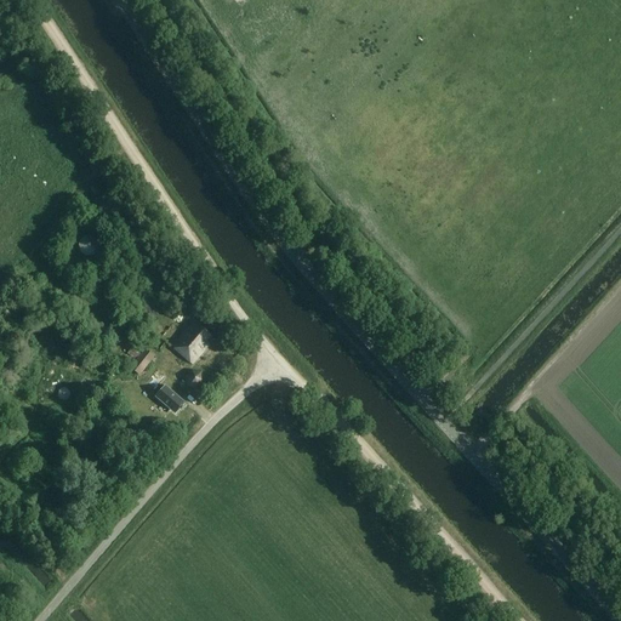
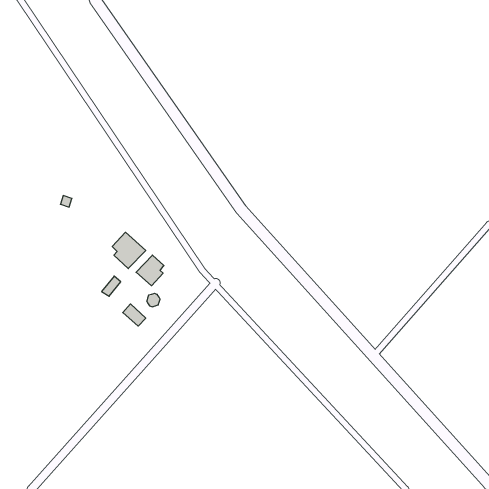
building: none -> [112,232,146,269]

